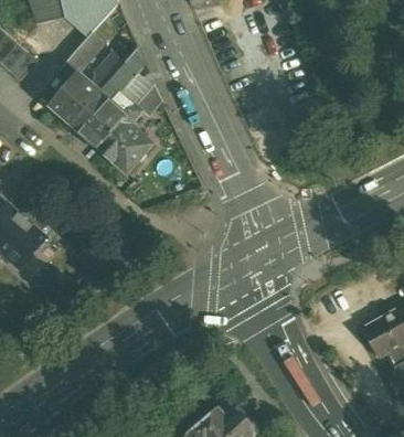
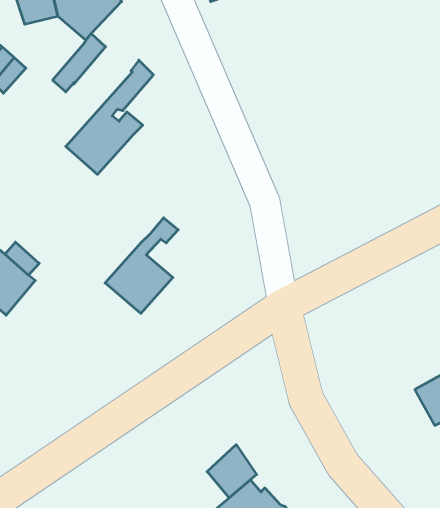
building: [50,51,127,124] -> none
building: [98,93,159,172] -> [105,218,178,313]
building: none -> [207,445,257,498]

